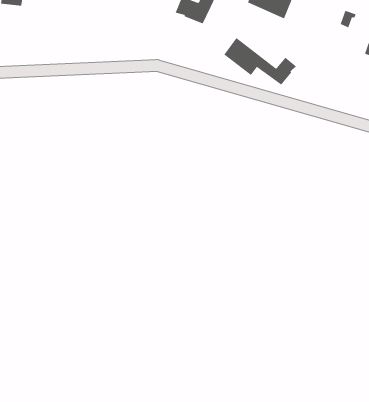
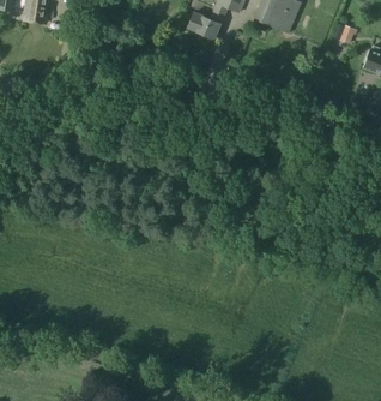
building: [224,37,297,85] -> none

